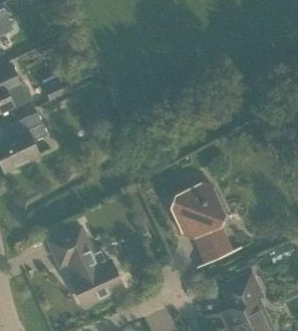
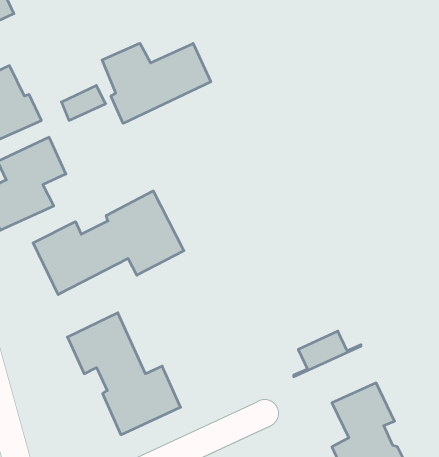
building: none -> [102,43,211,123]
building: none -> [33,191,184,295]
building: [170,183,225,238] -> none

